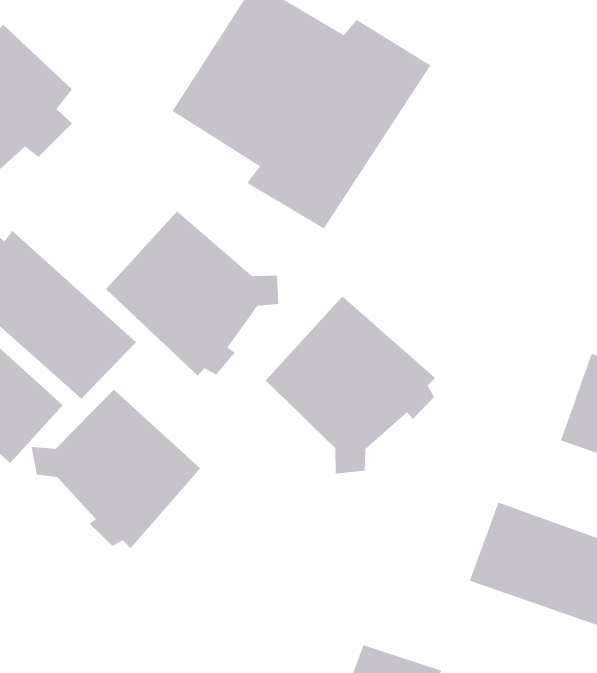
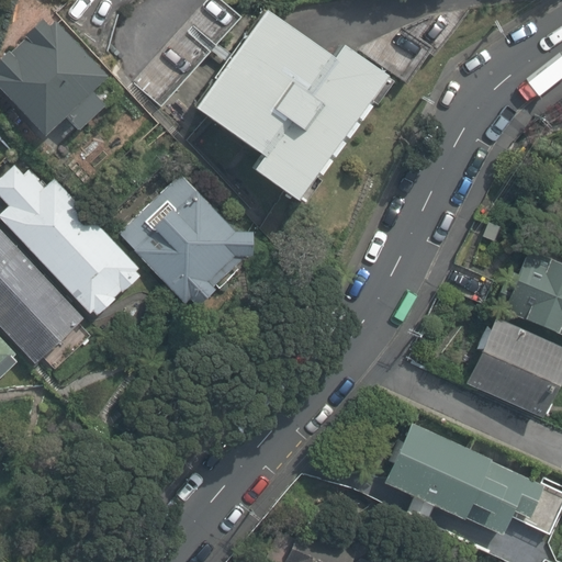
building: [265,296,436,474] -> none
building: [30,389,201,549] -> none

